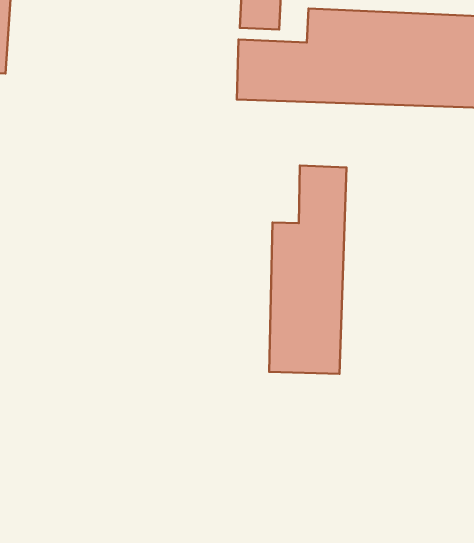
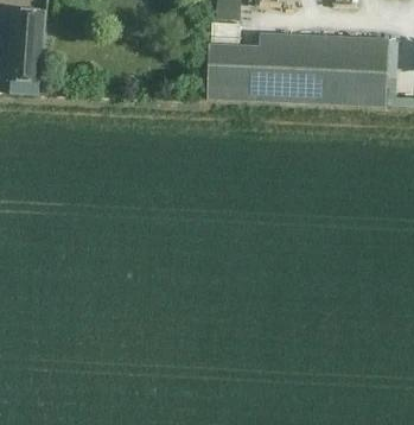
building: [269,166,346,374] -> none

